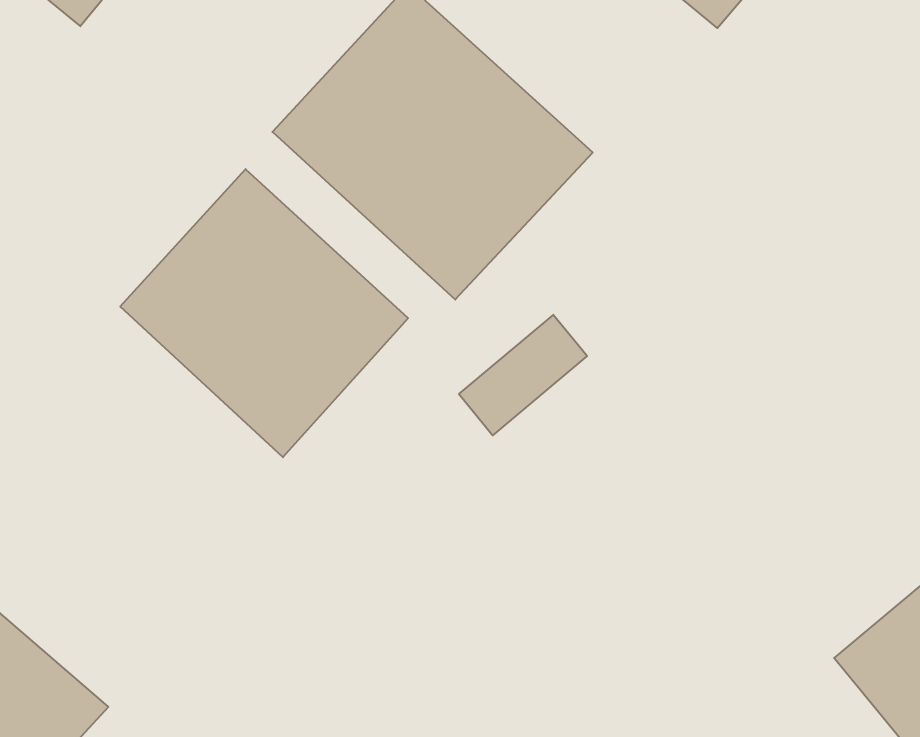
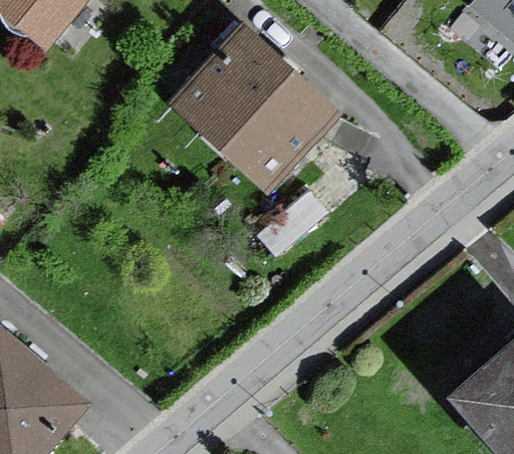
building: [120,169,408,457] -> none

